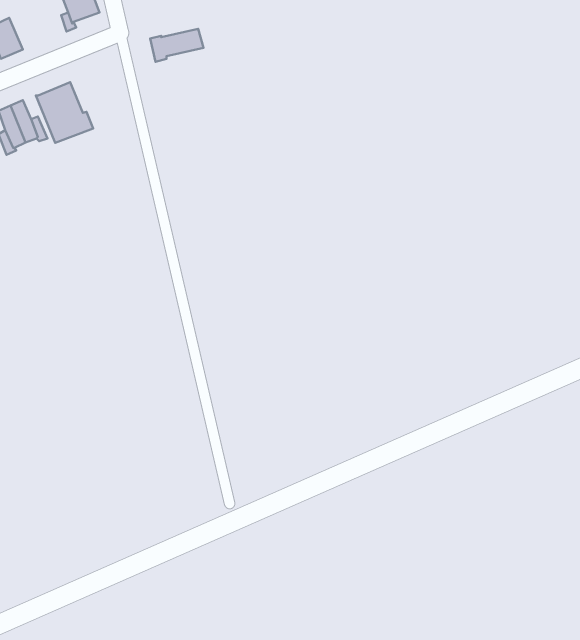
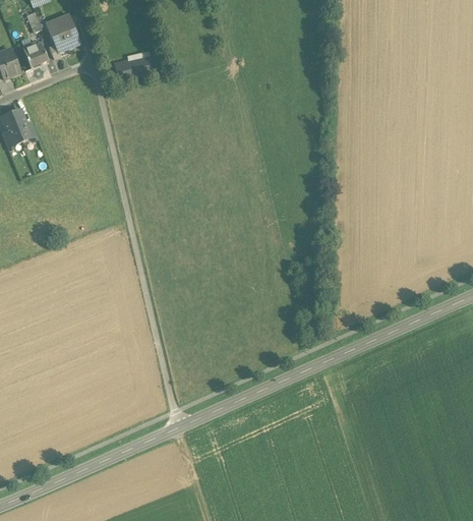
building: none -> [22,40,49,66]
building: [36,82,93,143] -> none

